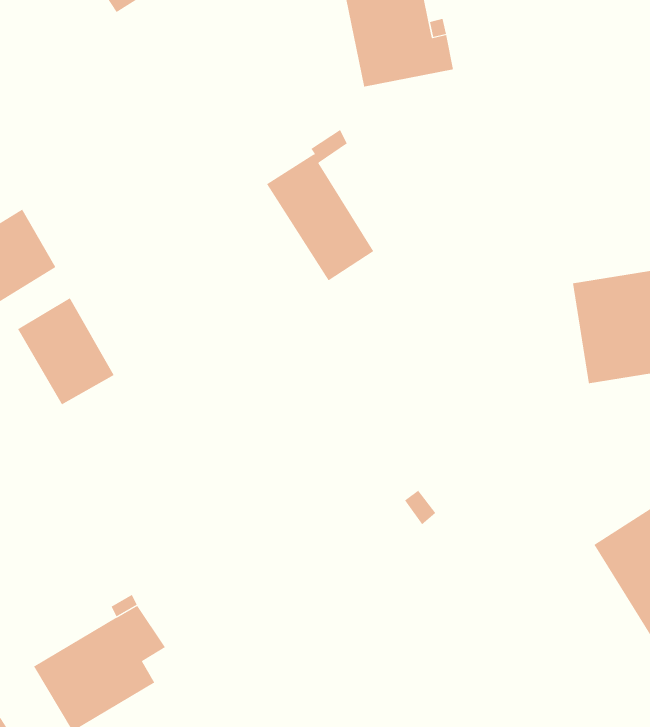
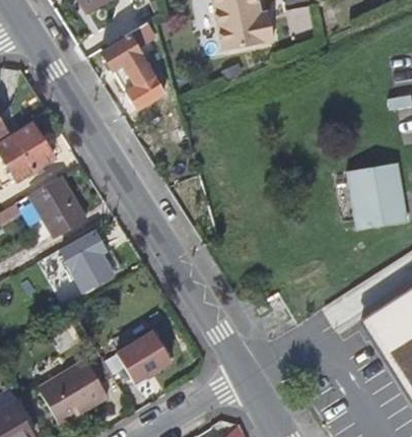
building: [266,129,374,281] -> [102,22,164,110]
building: none -> [58,230,113,292]
building: none -> [119,330,175,382]

